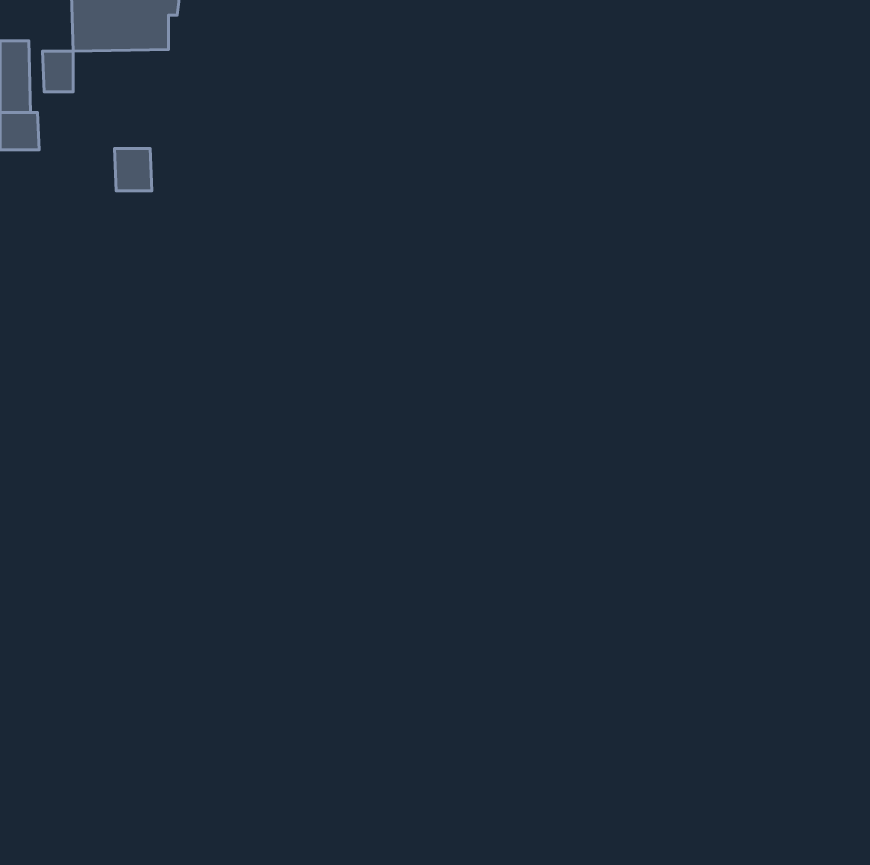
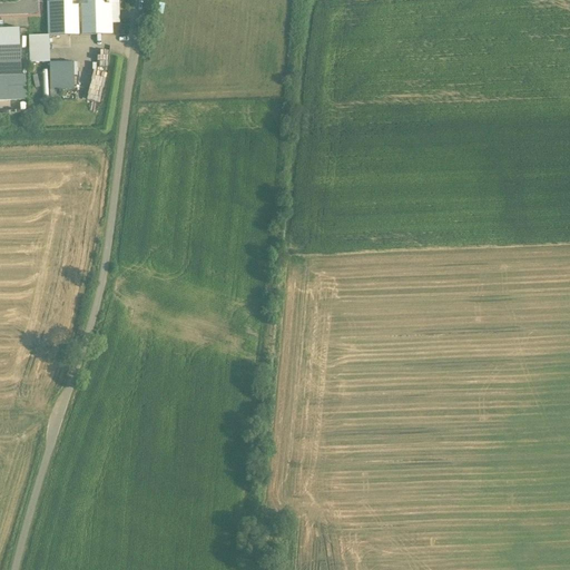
building: [114,148,152,191] -> [49,60,73,88]

